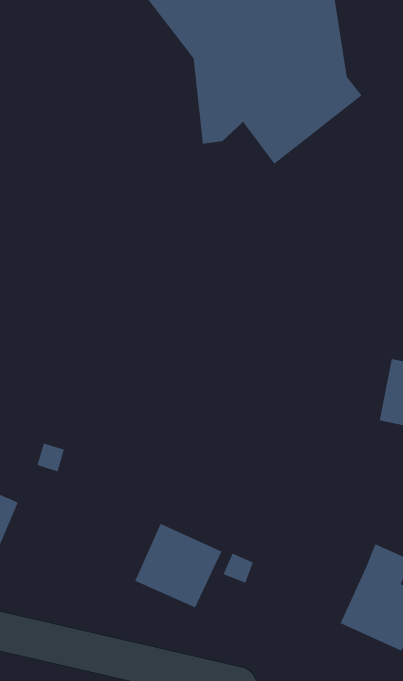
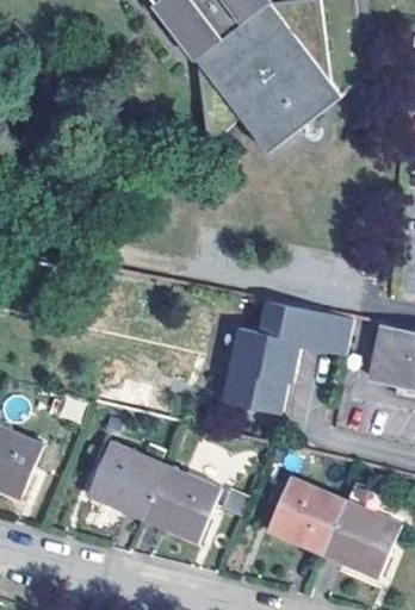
building: none -> [224,301,354,411]
building: none -> [88,443,165,517]
building: none -> [268,480,345,554]

